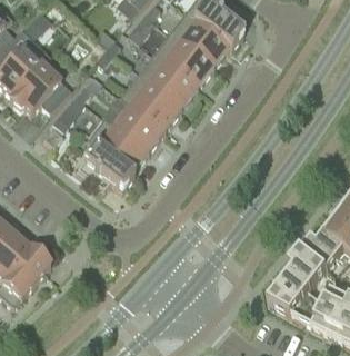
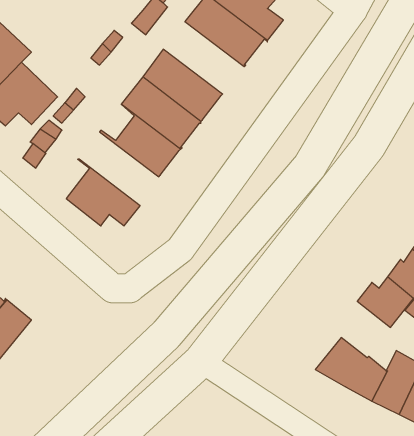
building: [152,32,214,88] -> none
building: [88,117,149,174] -> none
building: [289,247,327,290] -> none

